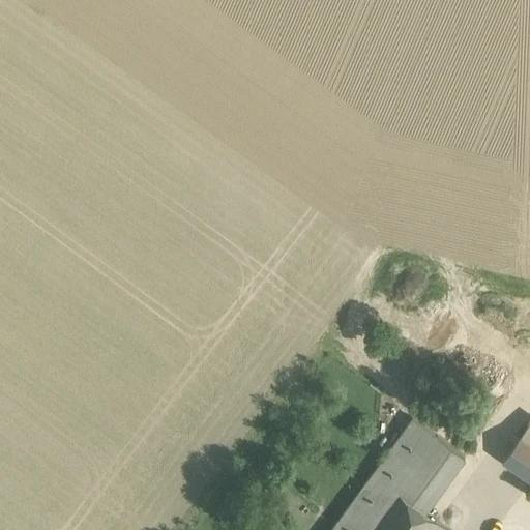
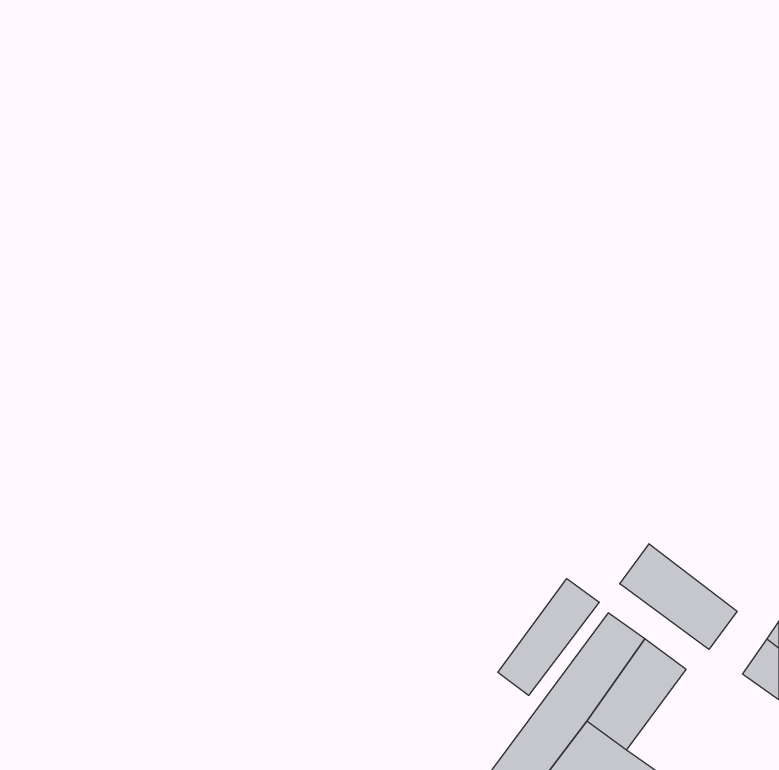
building: none -> [620,544,737,649]
building: none -> [498,579,599,695]

